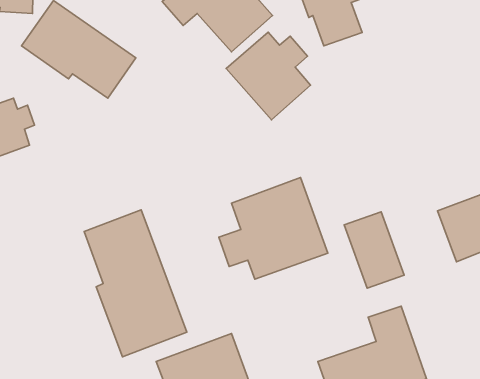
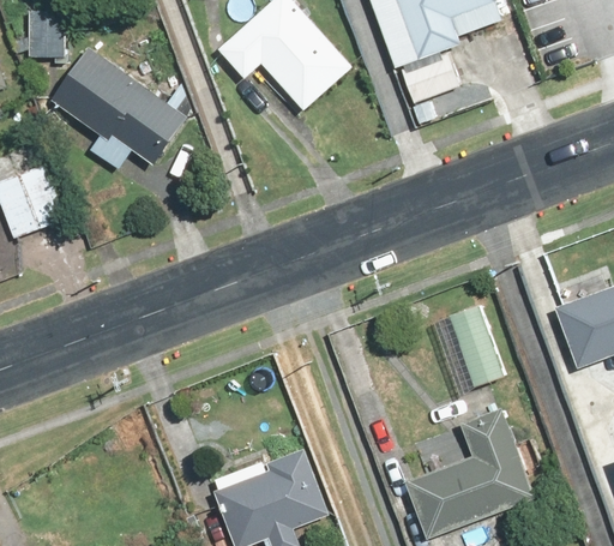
building: [226,32,311,120] -> none
building: [219,178,328,279] -> none
building: [84,210,187,357] -> none

